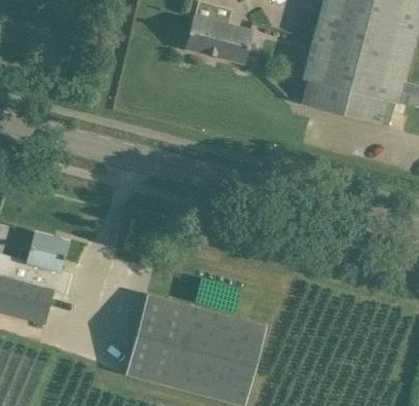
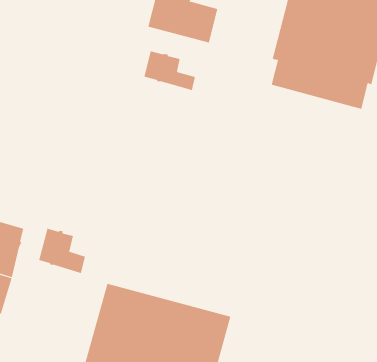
building: none -> [144,50,195,91]
building: none -> [39,228,86,274]

